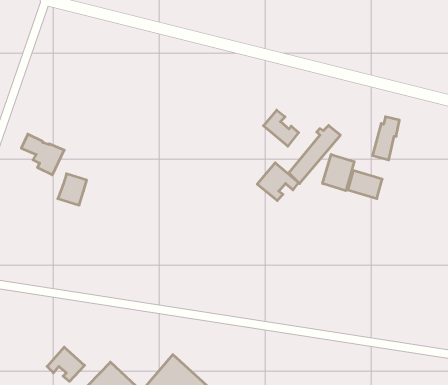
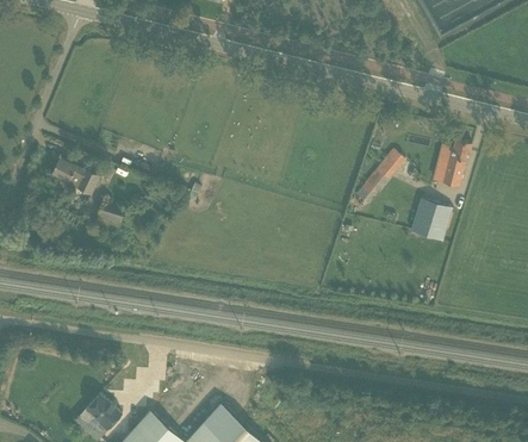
building: [263,110,299,146] -> none
building: [323,154,354,191] -> none
building: [257,163,298,201] -> none

